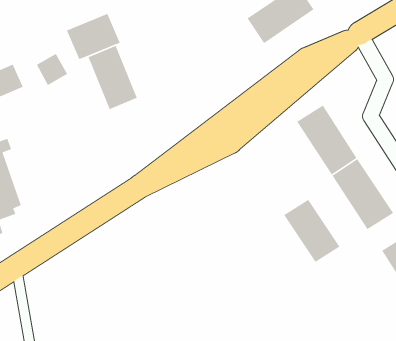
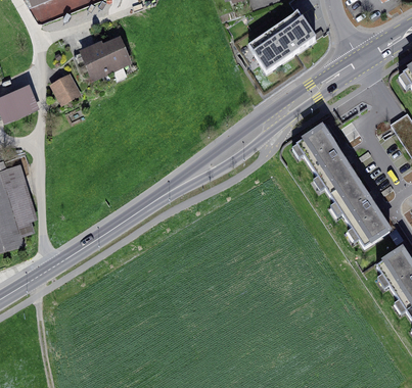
building: [87,45,138,110] -> none
building: [283,199,341,263] -> none

